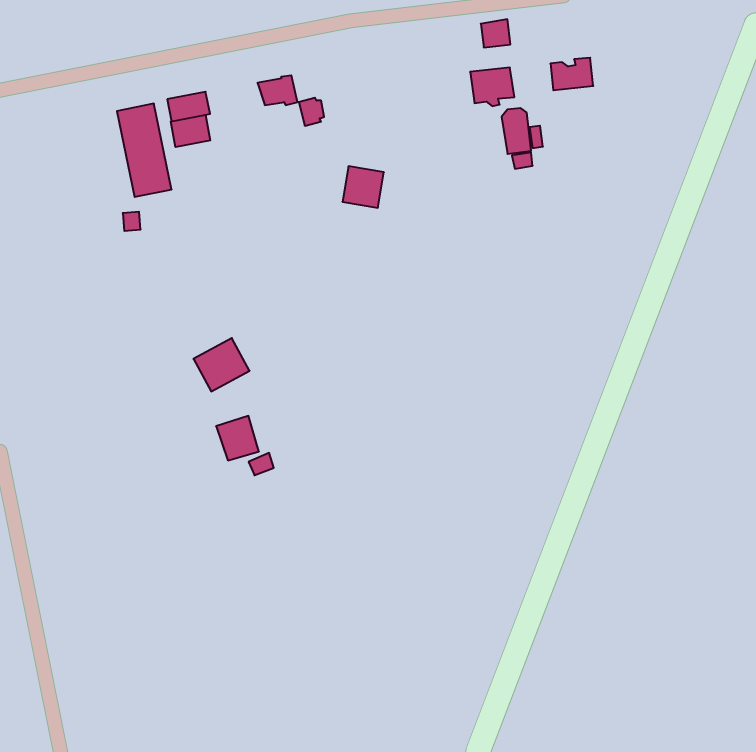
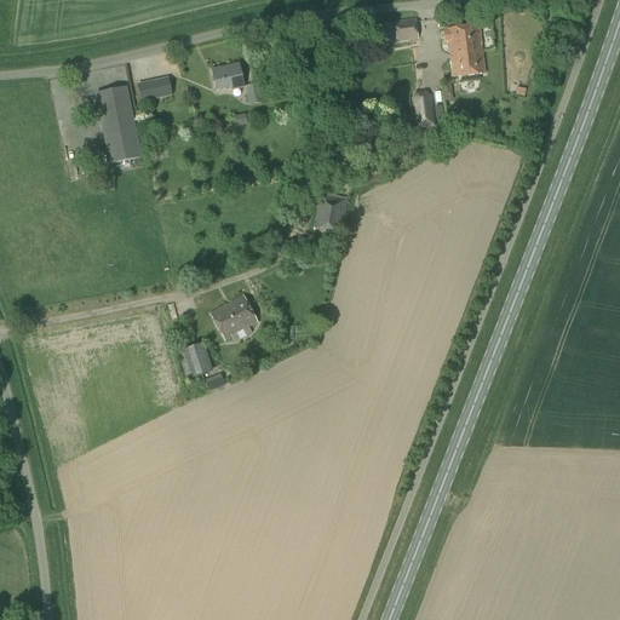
building: [470,68,514,106] -> [447,23,483,54]
building: [171,115,210,147] -> none
building: [342,166,384,208] -> [312,195,346,229]
building: [193,338,250,391] -> [211,293,257,337]

